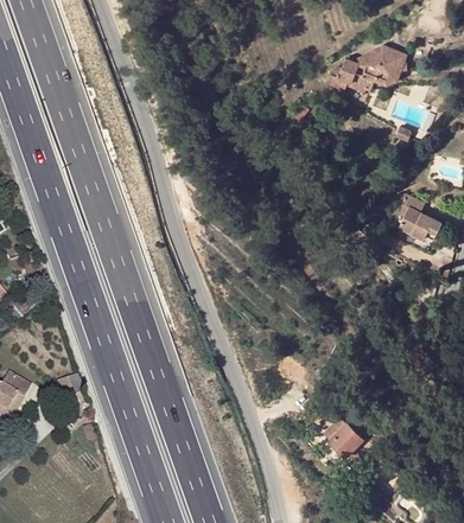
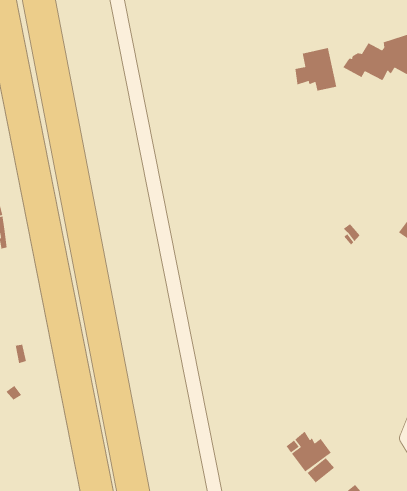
building: none -> [294,47,337,92]

